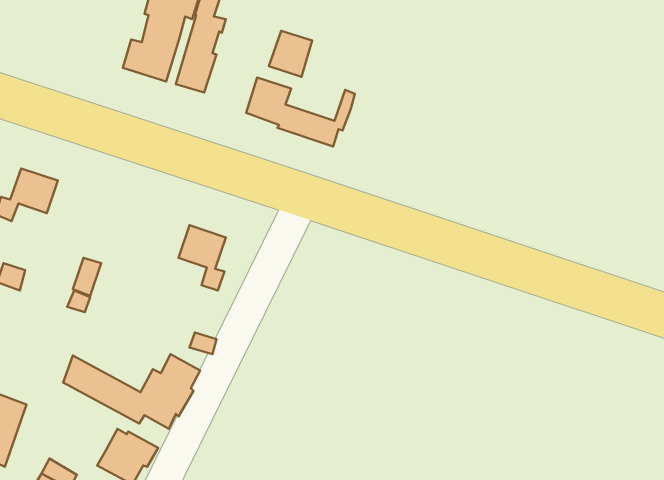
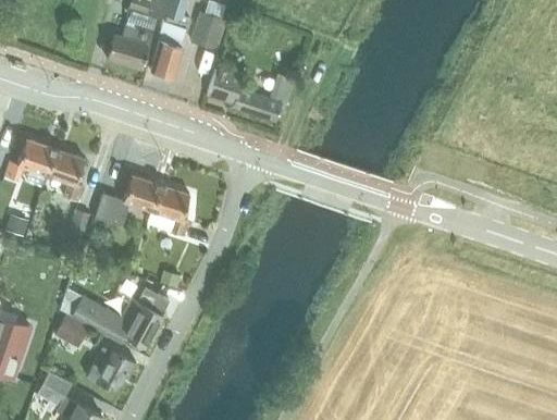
building: [269,31,312,77] -> [190,11,225,48]
building: none -> [47,148,85,200]
building: none -> [95,174,161,225]
building: none -> [55,316,90,348]

